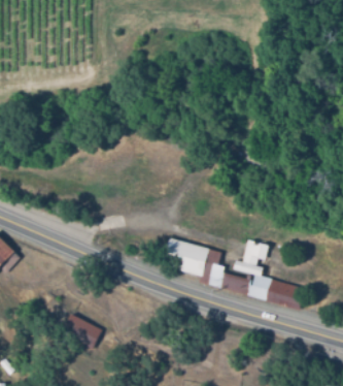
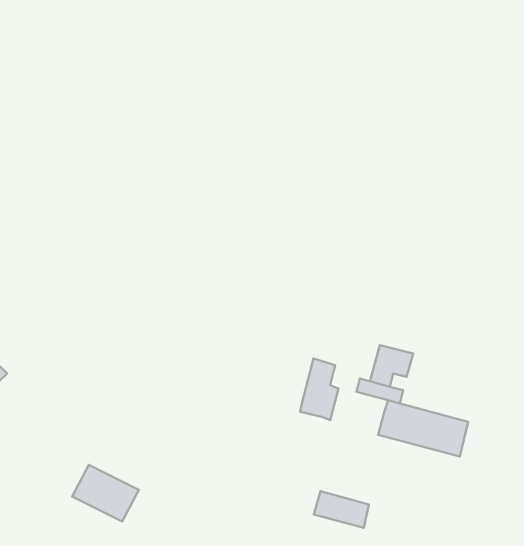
building: [163,238,209,277] -> none
building: [219,272,253,295] -> [314,491,369,528]

